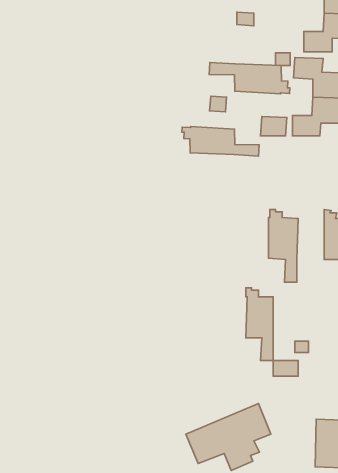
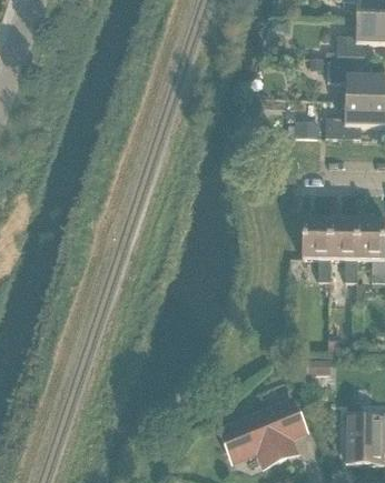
building: [209,62,290,94] -> none
building: [182,127,259,156] -> none
building: [246,288,273,360] -> [329,210,356,281]

